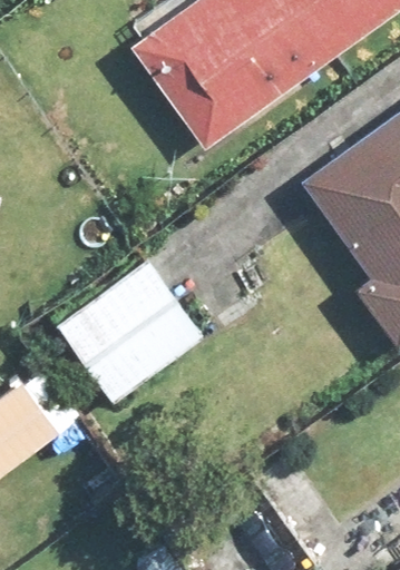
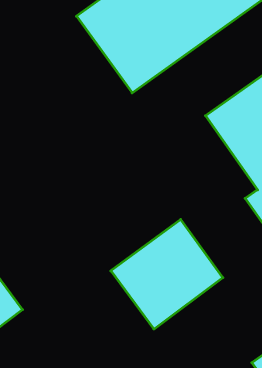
building: [56,261,204,405] -> [111,219,223,329]

